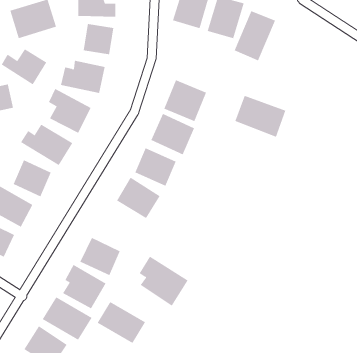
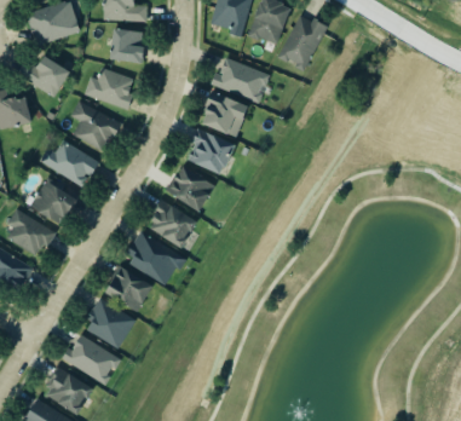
building: [235,95,286,137] -> [212,57,270,104]
building: [139,256,188,307] -> [128,230,184,287]
building: [97,301,146,344] -> none

